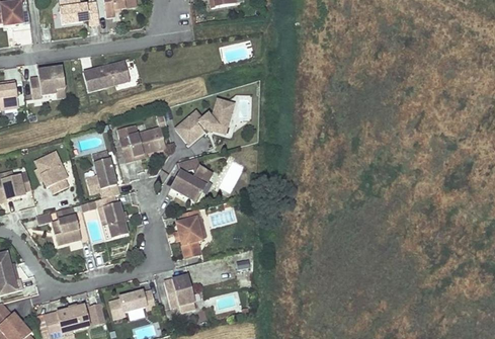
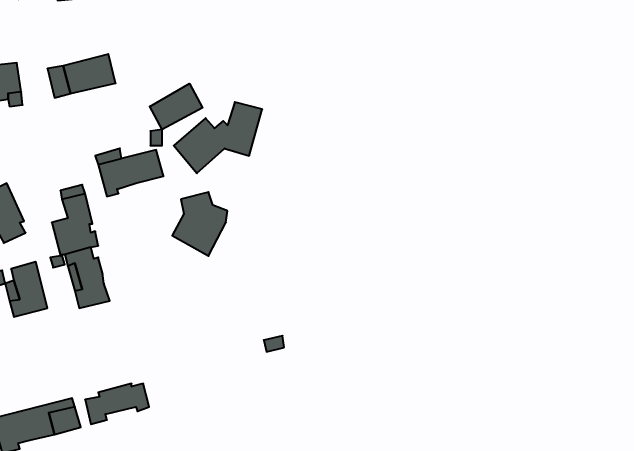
building: none -> [150,84,203,130]
building: [175,209,201,257] -> none
building: [162,278,193,308] -> none

